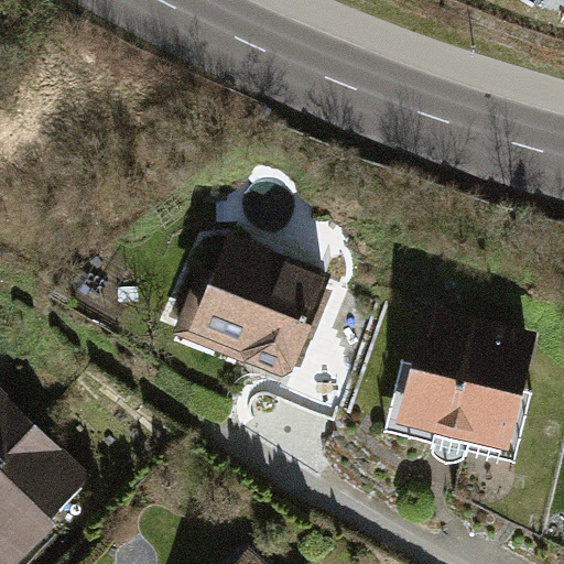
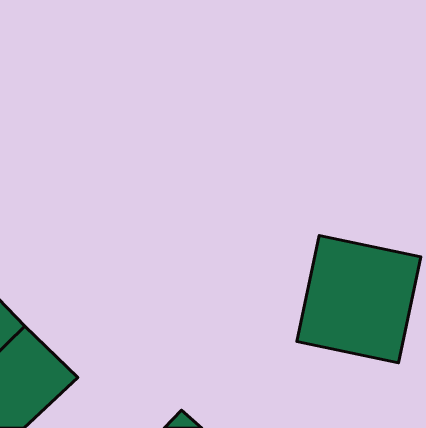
building: [175,231,326,384] -> none

